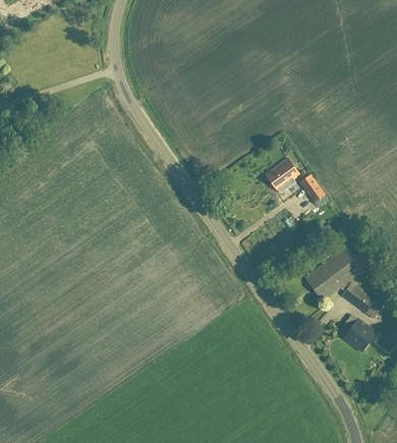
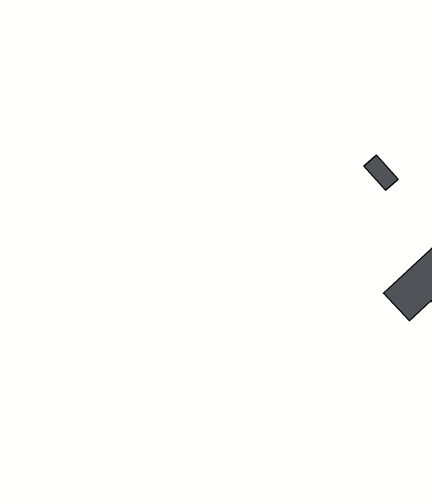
building: [265,158,299,190] -> none

